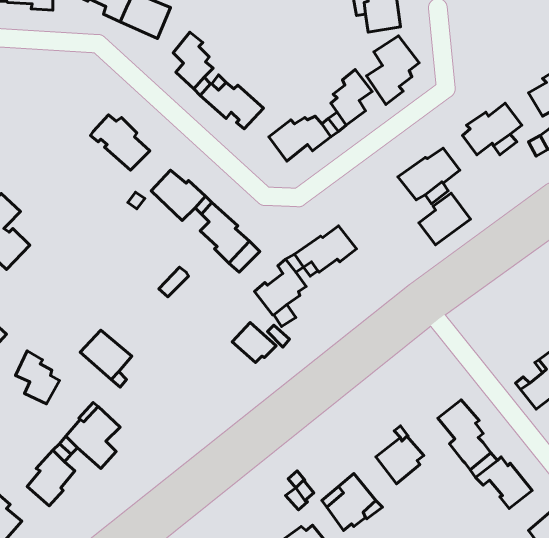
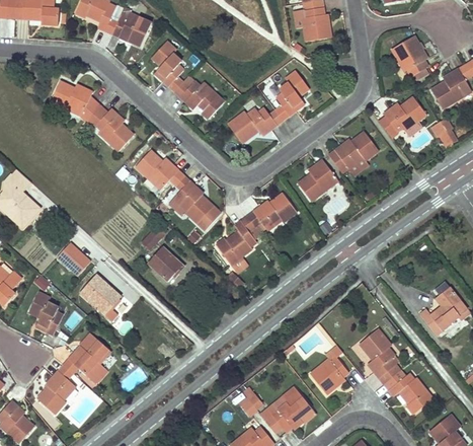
building: none -> [391,36,426,77]
building: [367,36,419,105] -> none
building: none -> [51,82,101,120]
building: [419,193,471,245] -> [297,160,337,201]
building: none -> [58,242,90,276]
building: [232,323,276,363] -> [149,248,183,280]

